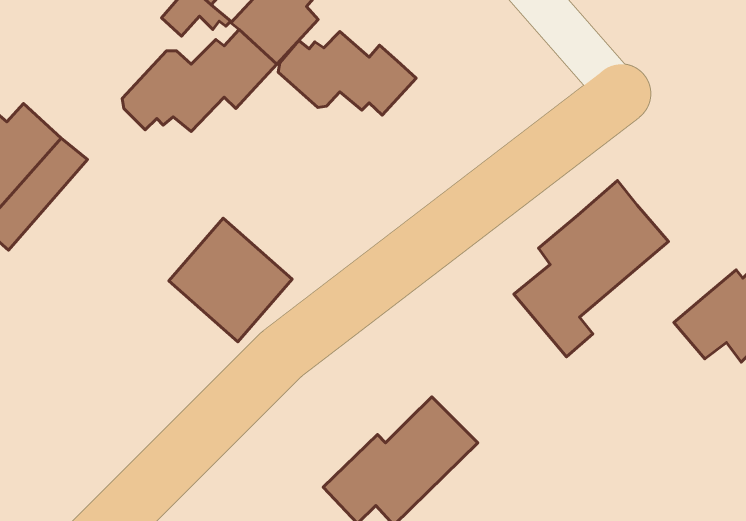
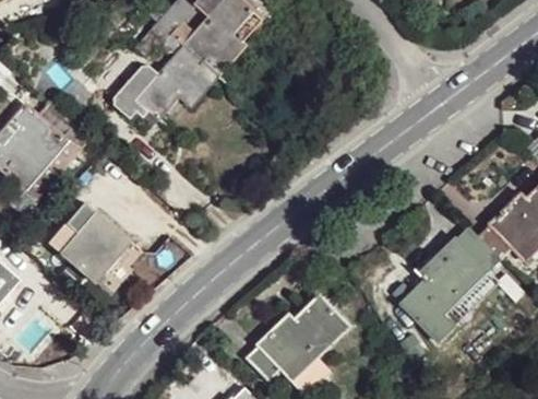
building: [278,32,416,115] -> none
building: [514,181,669,357] -> [397,230,500,347]
building: [169,218,292,342] -> [48,201,130,283]

